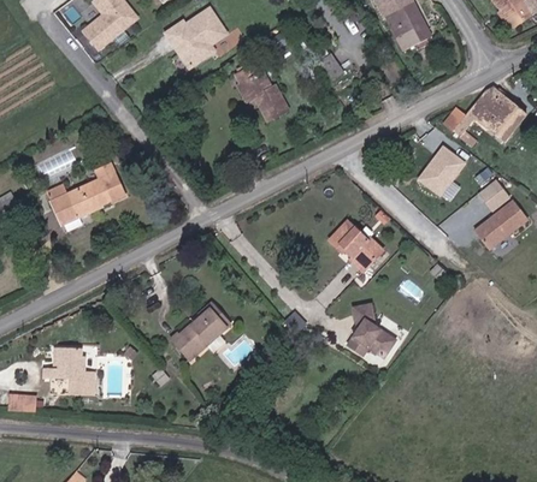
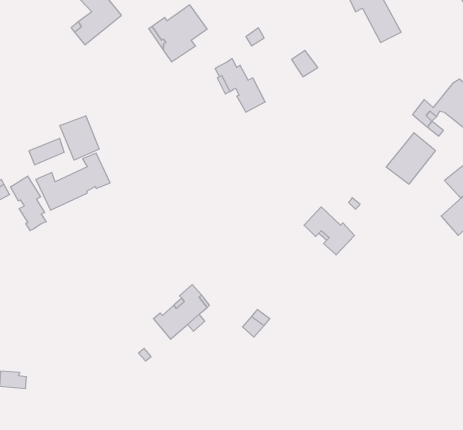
building: none -> [60,116,99,160]
building: none -> [10,176,46,231]
building: [346,303,395,357] -> none
building: [49,346,94,394] -> none

